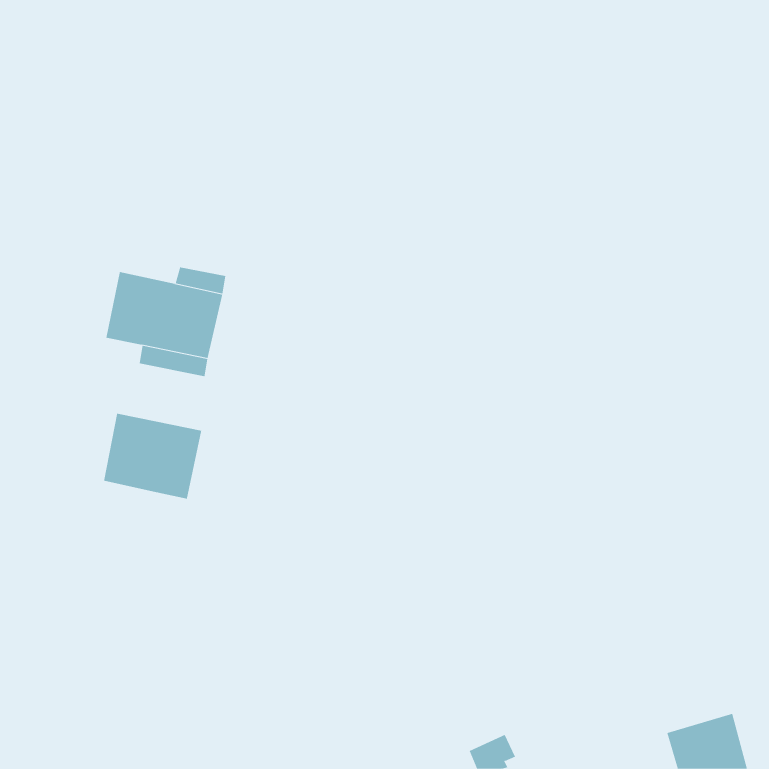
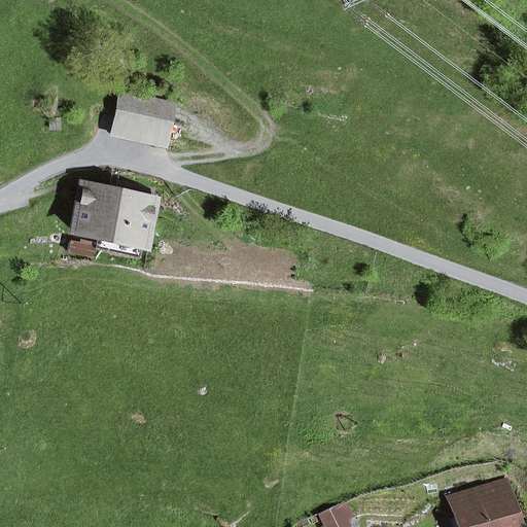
building: none -> [112,103,172,145]
building: [104,413,202,499] -> none

